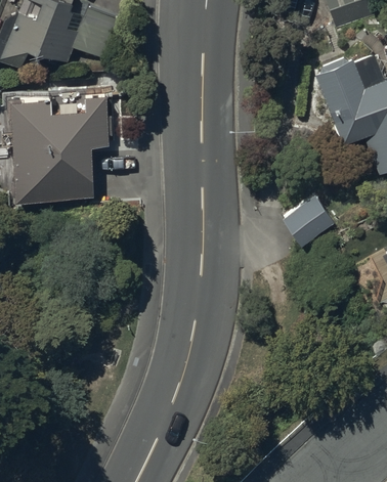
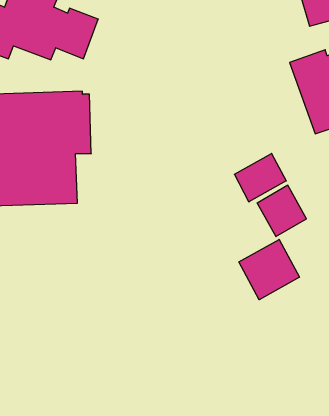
building: none -> [234,153,286,202]
building: none -> [239,239,299,300]

